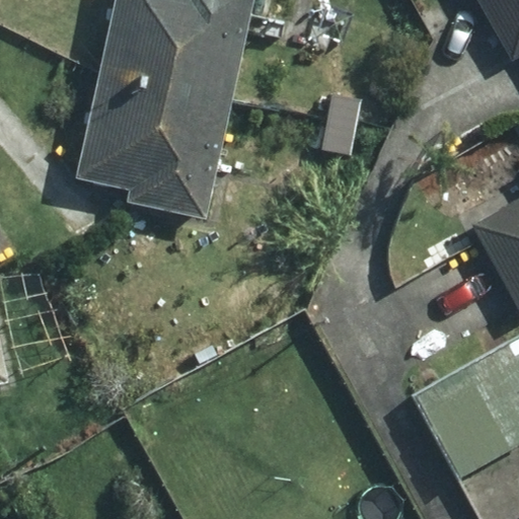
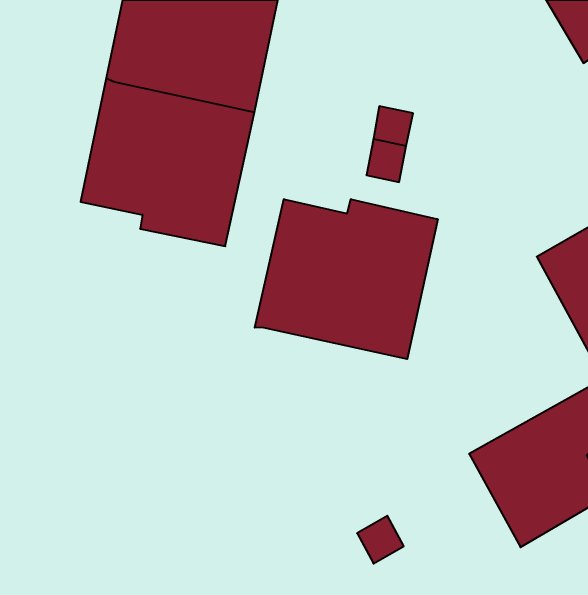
building: none -> [255,199,438,359]

